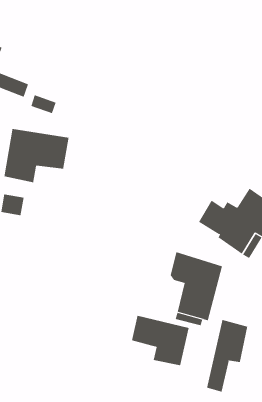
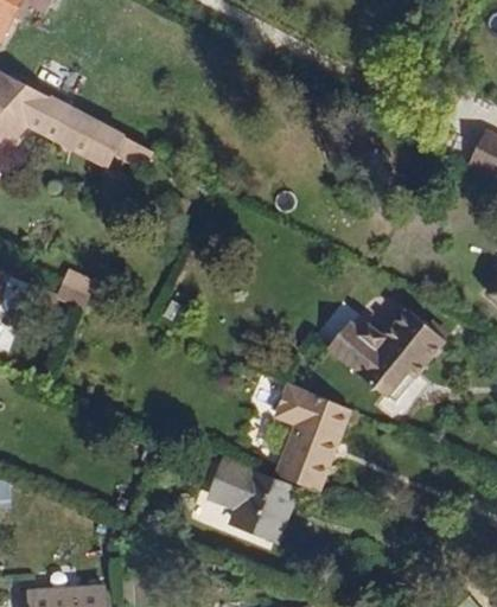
building: [4,128,69,183] -> none
building: [206,319,248,392] -> none

